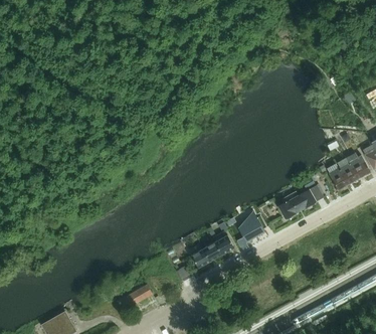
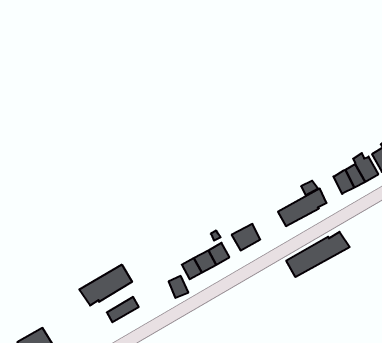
building: none -> [286,232,350,277]
building: none -> [79,265,132,306]

